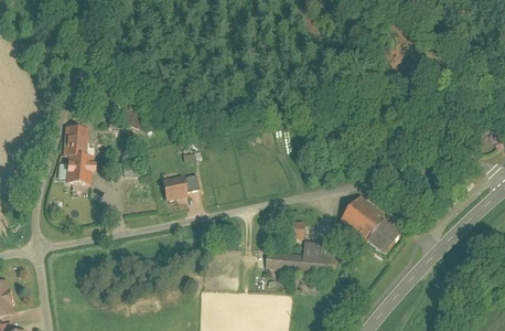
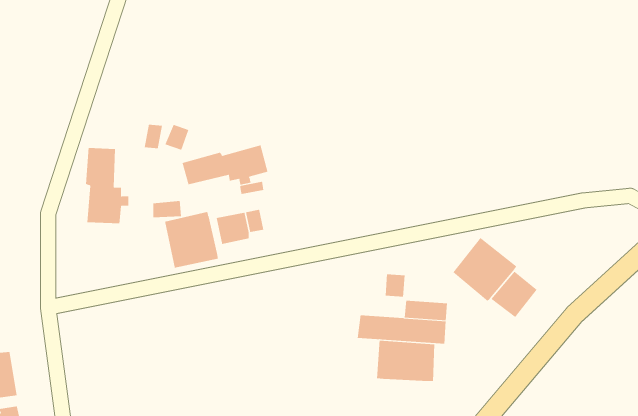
building: none -> [182,145,268,186]
building: none -> [165,211,218,268]
building: none -> [377,340,435,382]

